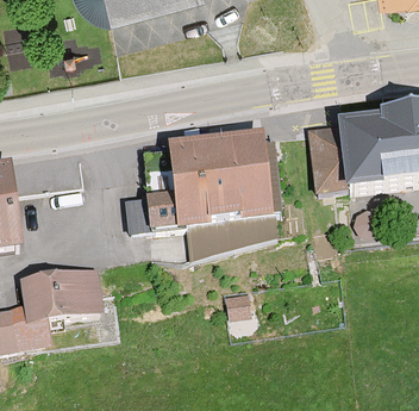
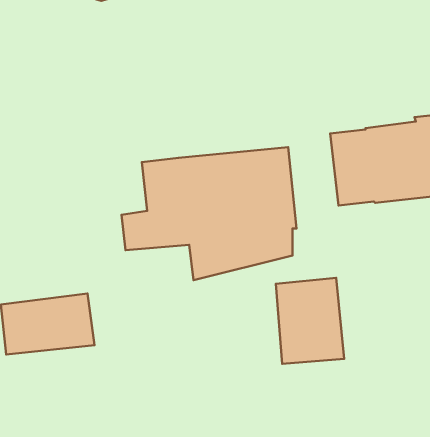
building: none -> [276,278,344,364]

